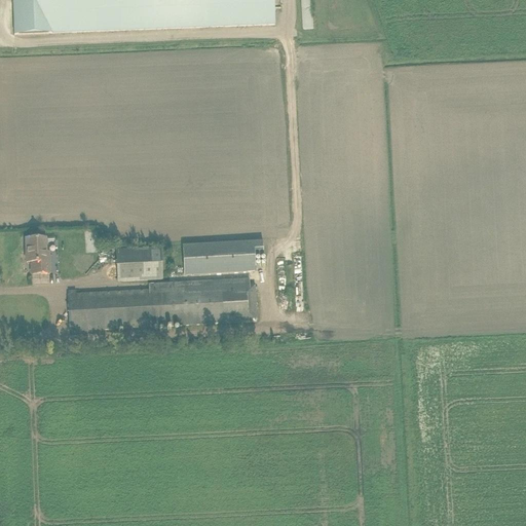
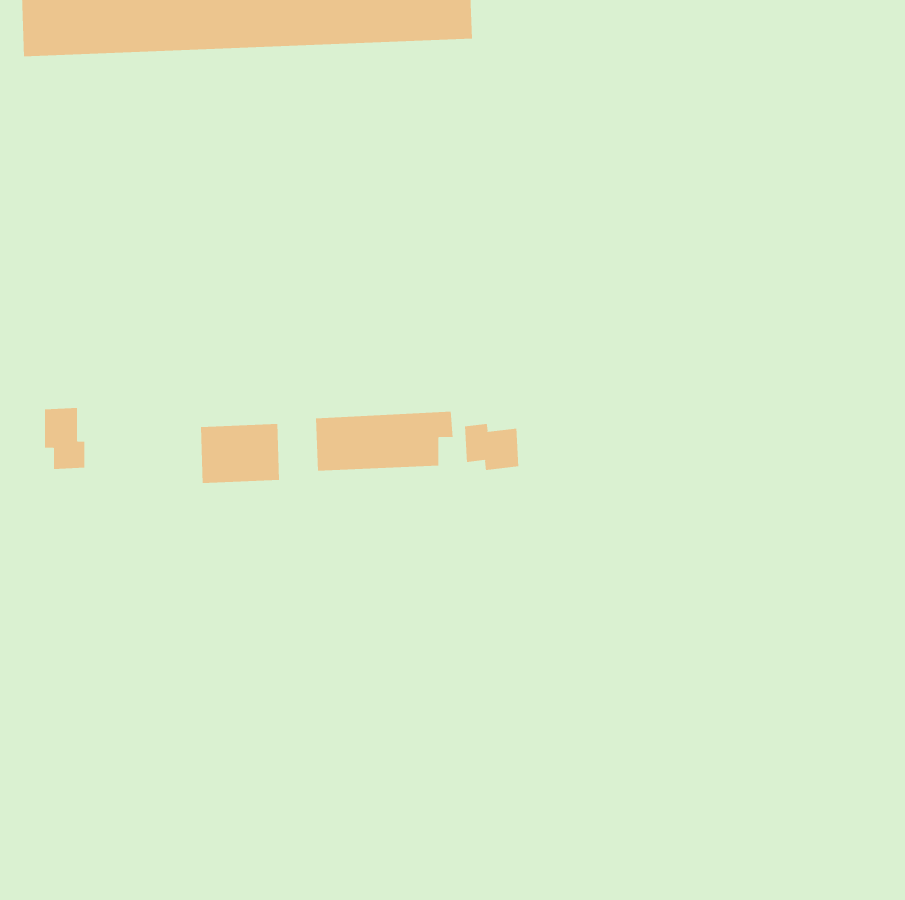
building: none -> [465,423,519,471]
building: [67,276,257,331] -> none

